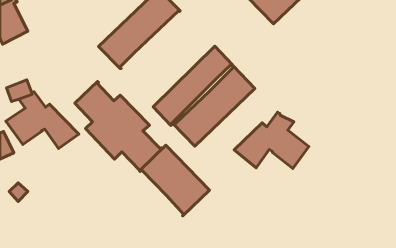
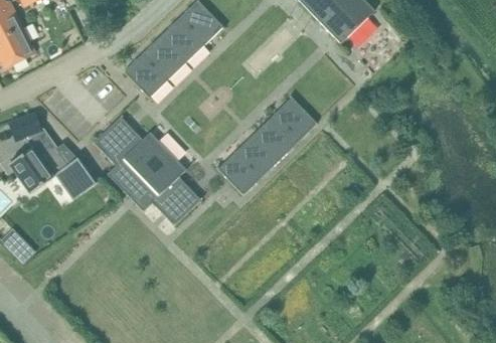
building: [153,46,233,126] -> none
building: [234,112,309,169] -> none
building: [140,145,210,216] -> none

